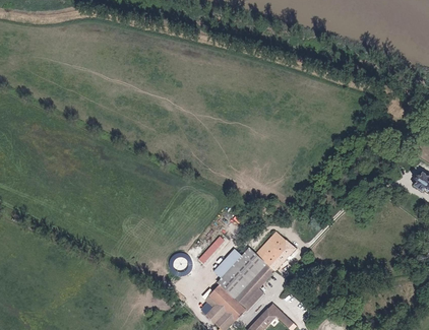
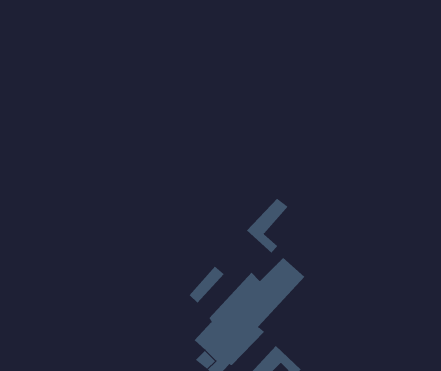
building: none -> [246,198,289,254]

